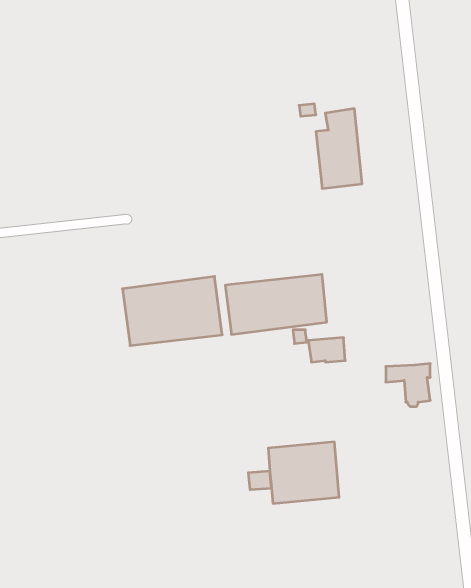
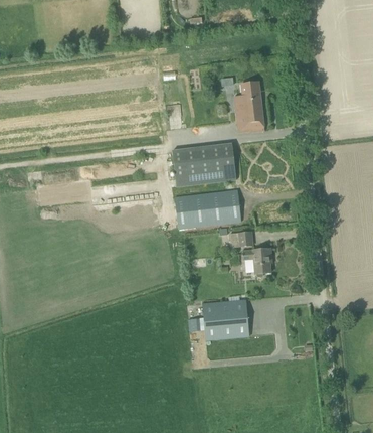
building: [122,276,222,346] -> [172,142,237,187]
building: [386,364,430,407] -> [242,248,271,276]

